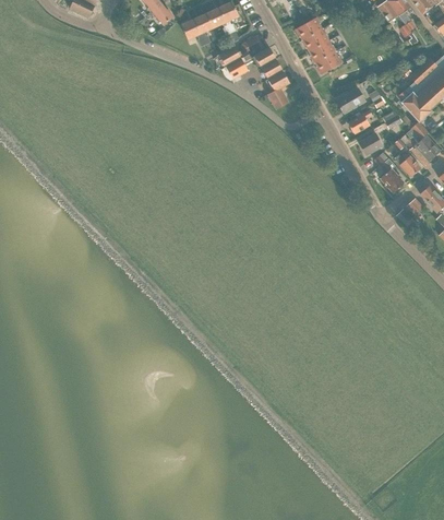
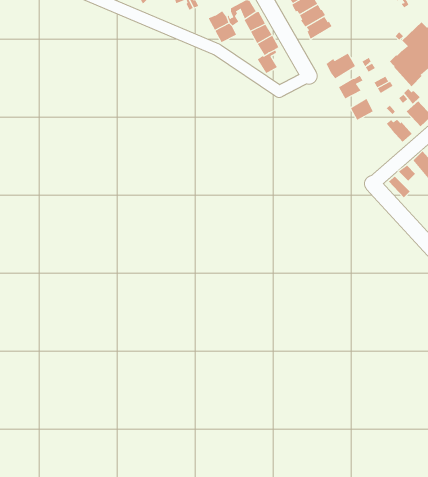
building: [374,152,404,192] -> none

